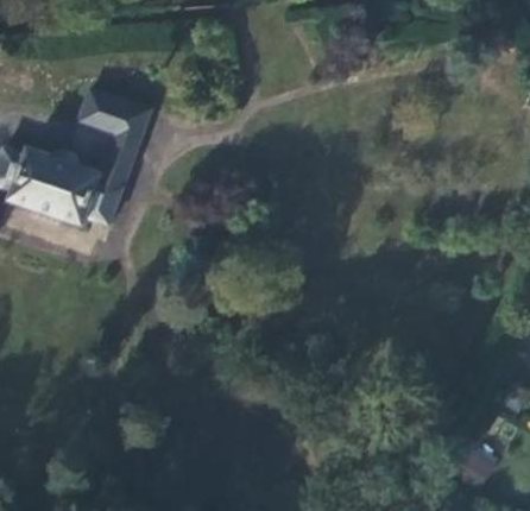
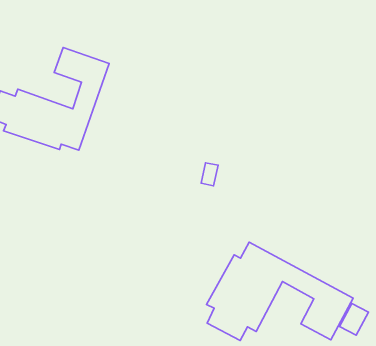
building: none -> [206,242,353,341]

